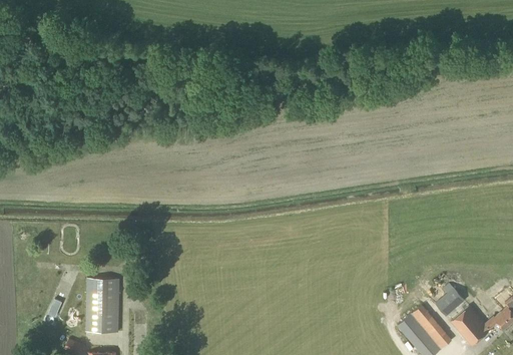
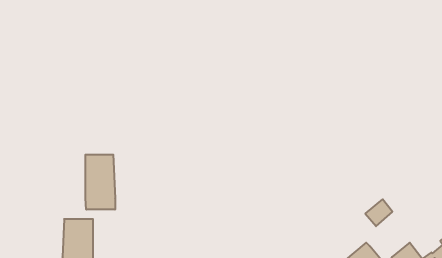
building: none -> [85,155,115,210]
building: [434,286,464,316] -> [365,199,392,226]

